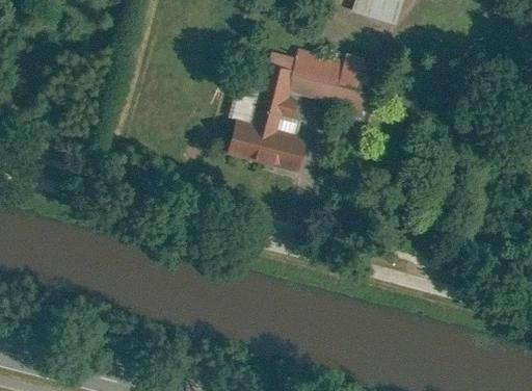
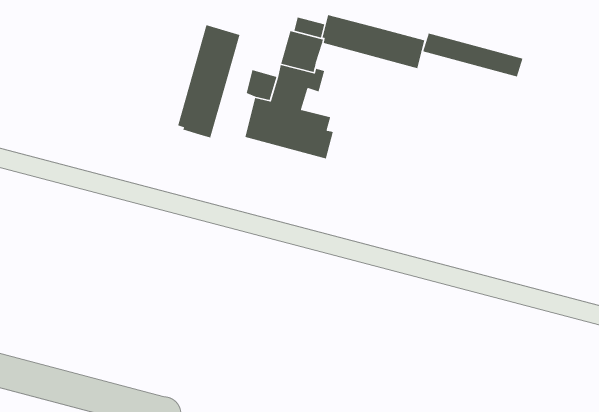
building: none -> [177,24,240,139]
building: [290,76,376,114] -> [422,32,524,78]

